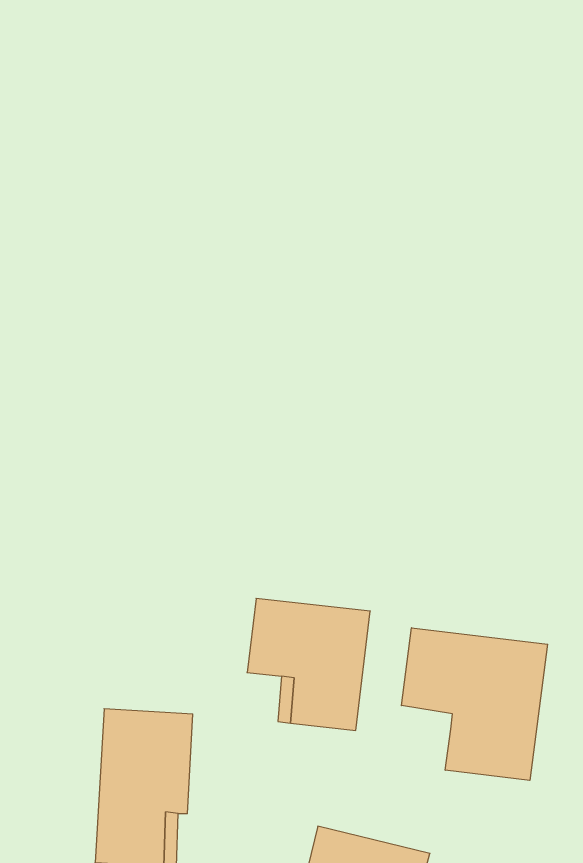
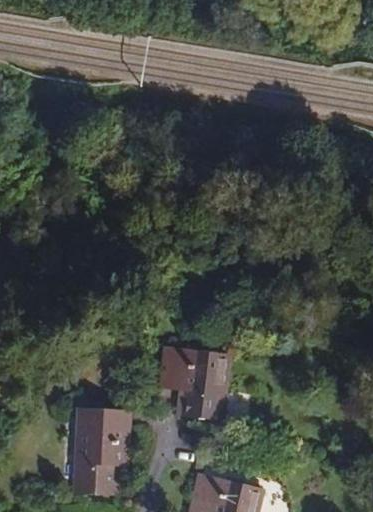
building: [401,628,548,780] -> none

